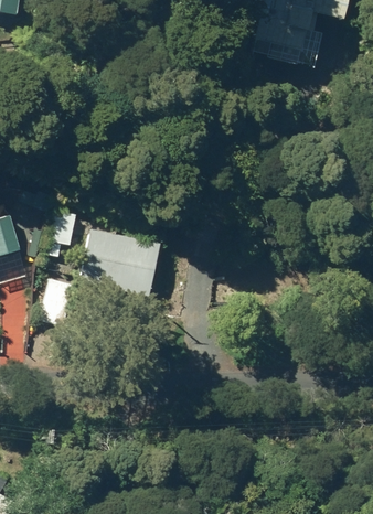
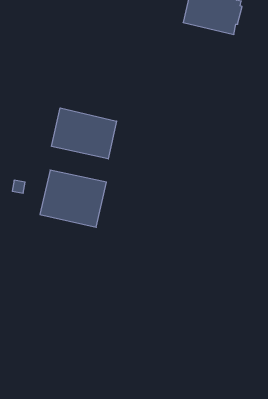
building: none -> [52,108,117,159]

